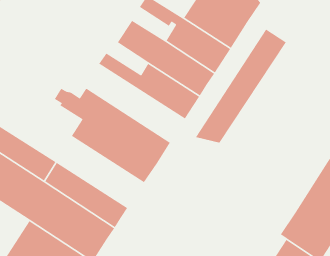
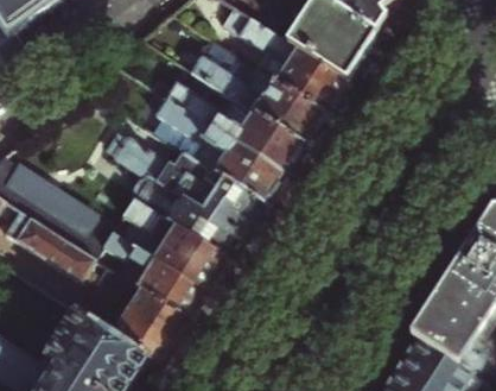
building: [195,28,287,144] -> none
building: none -> [152,99,282,204]
building: none -> [110,197,228,292]

